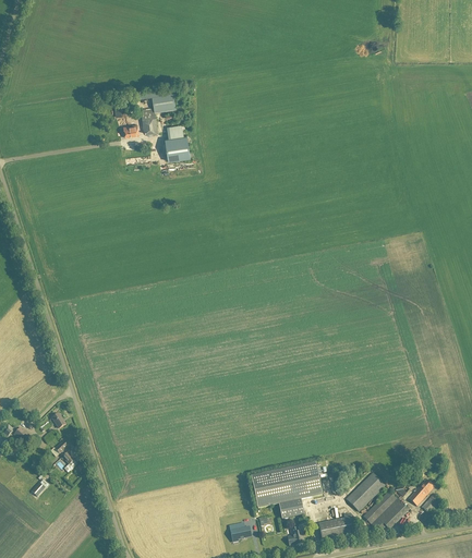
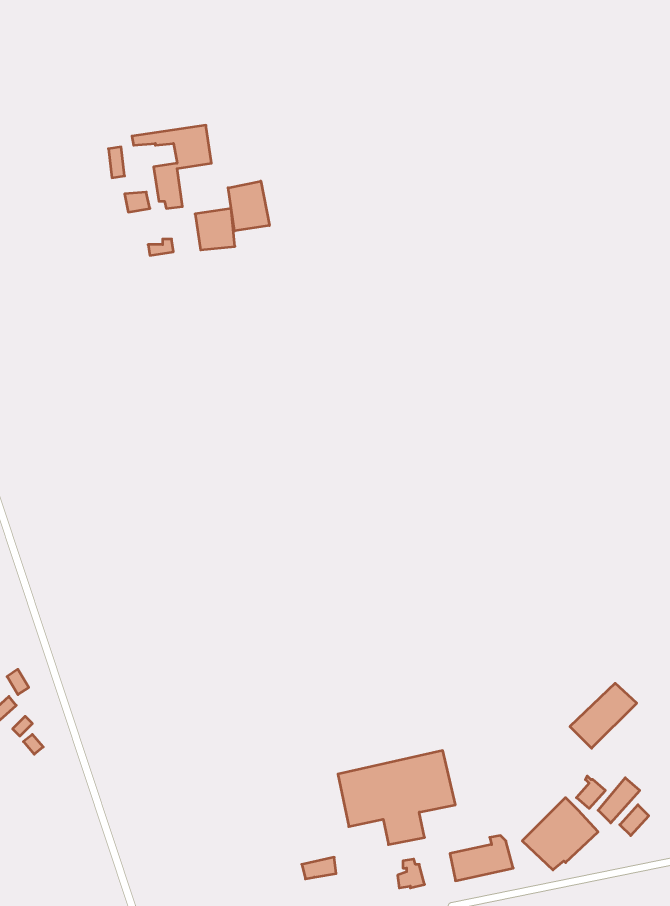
building: none -> [228,181,269,231]
building: [344,472,385,511] -> [570,683,637,748]

